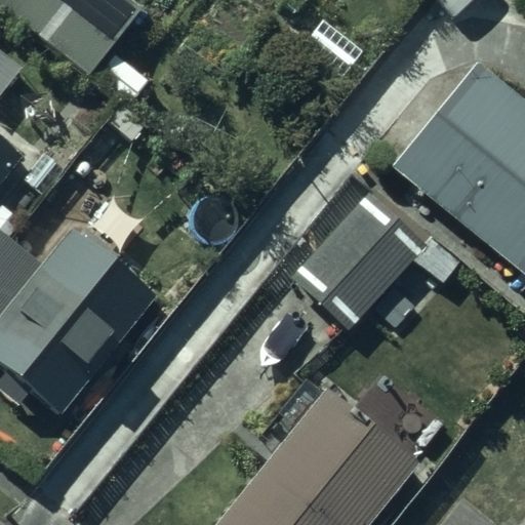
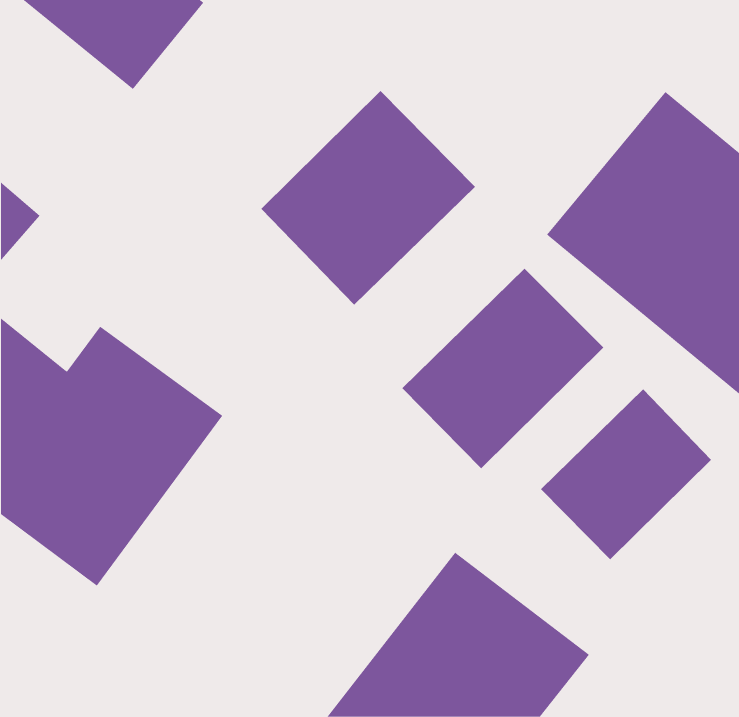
building: none -> [261,90,476,305]
building: none -> [540,389,712,560]

